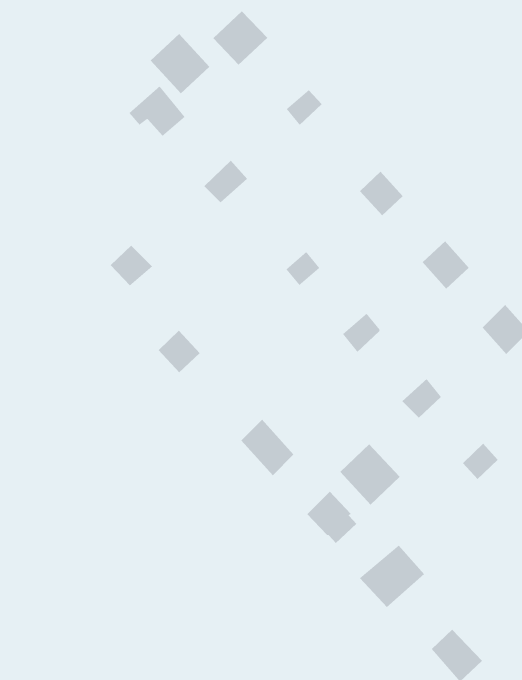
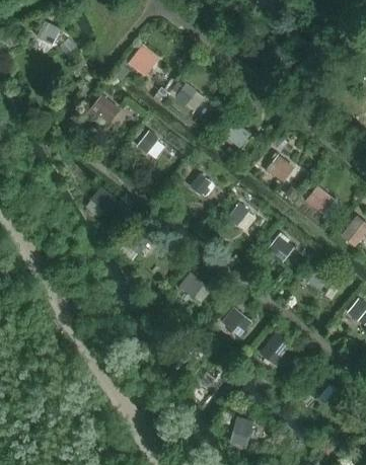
building: [150,33,210,94] -> none
building: [339,444,401,505] -> none

